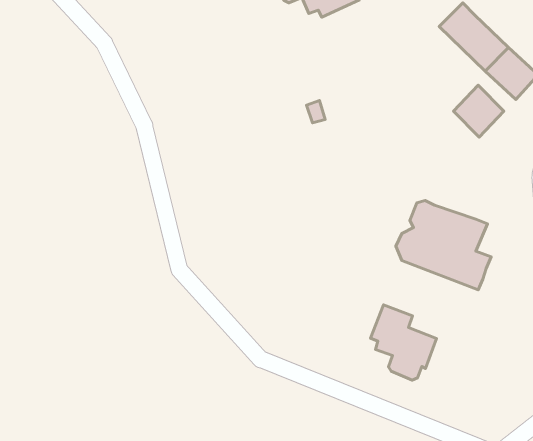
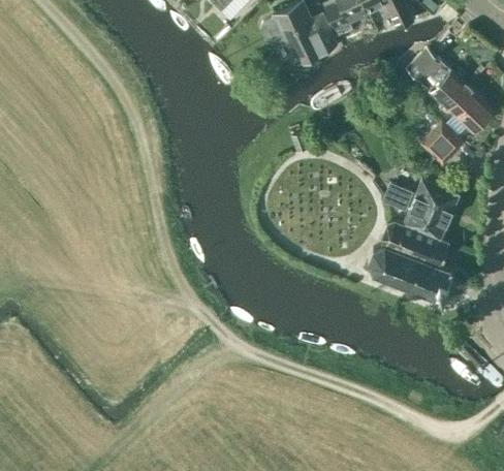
building: none -> [382,180,458,239]
building: [371,305,436,380] -> none

